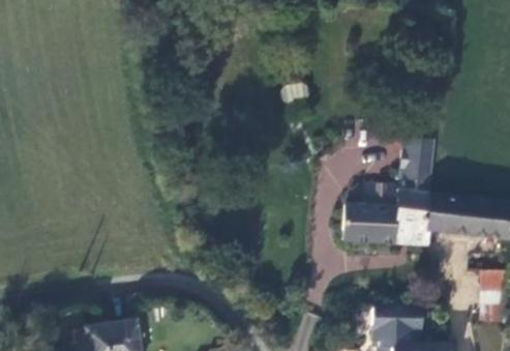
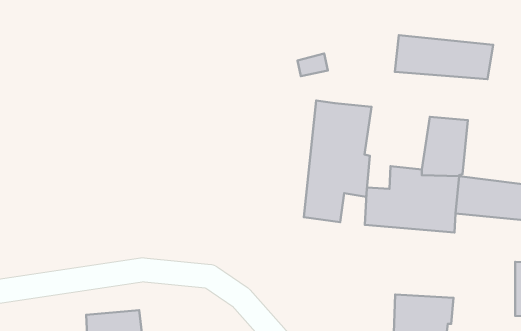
building: none -> [395,35,493,79]
building: none -> [304,101,371,222]

